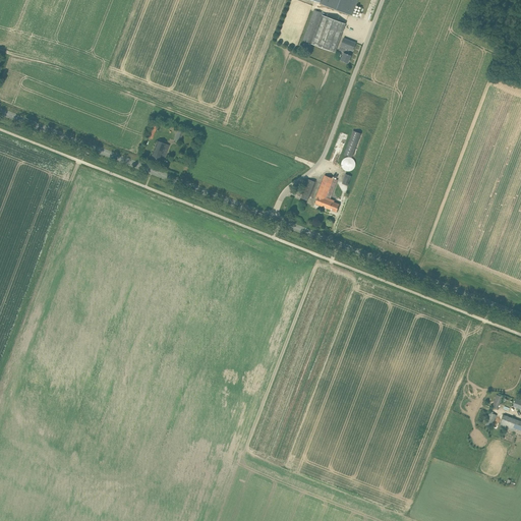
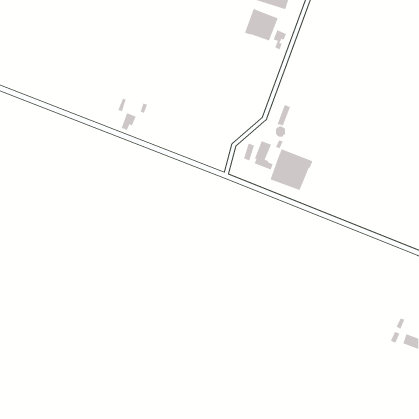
building: none -> [270,148,313,191]

